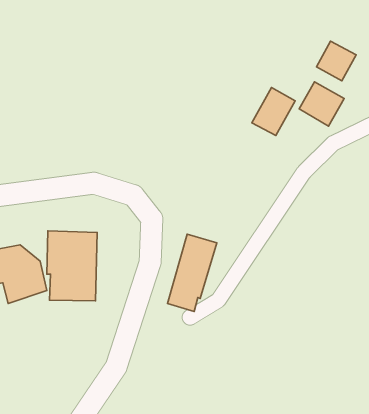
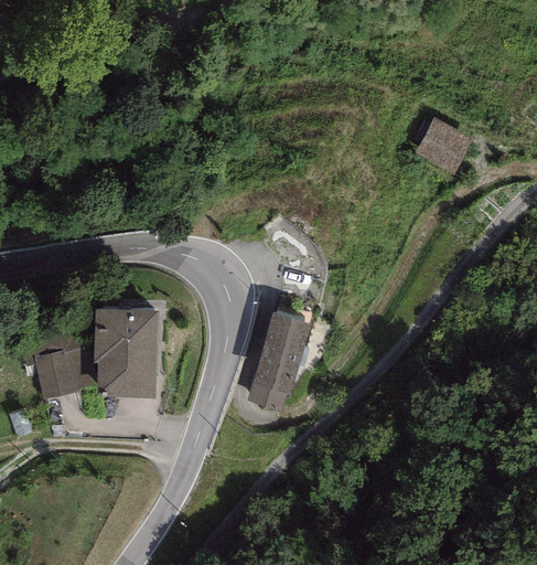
building: [316,41,356,81] -> none
building: [252,87,295,135] -> none

